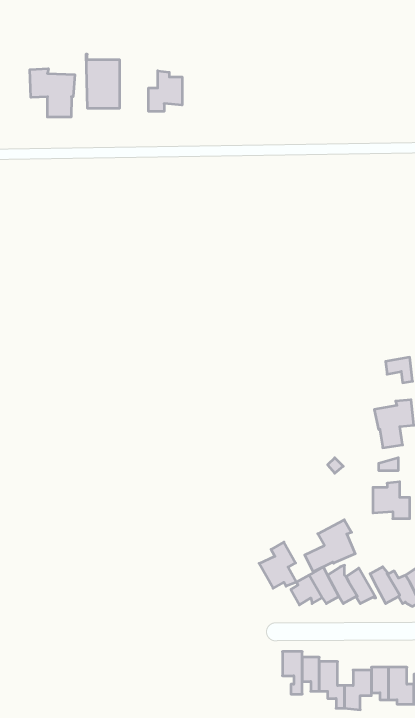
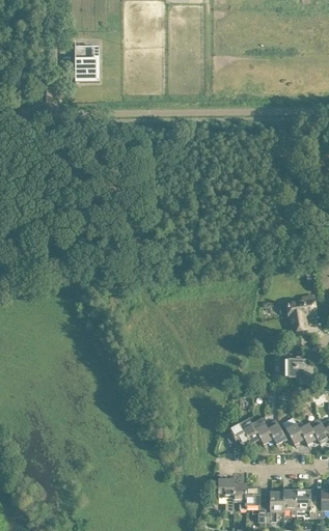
building: [30,69,75,117] -> none
building: [149,71,182,111] -> none
building: [305,520,355,572] -> none
building: [259,542,297,588] -> none

